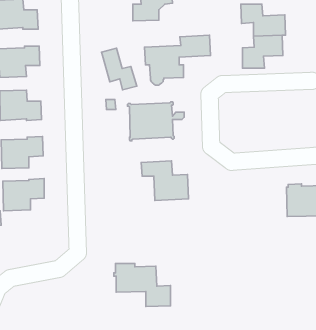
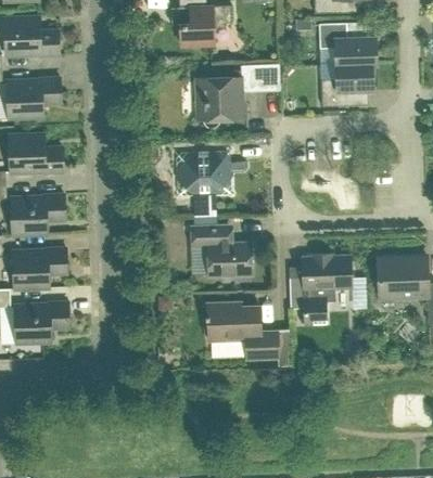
building: [101,48,137,90] -> none
building: none -> [289,256,353,325]
building: none -> [15,302,68,344]
building: [114,263,170,307] -> [205,303,278,359]

